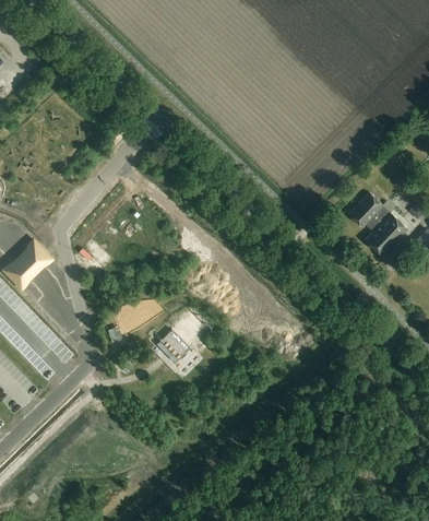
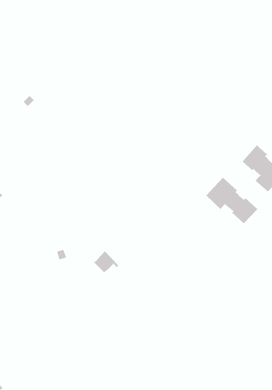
building: none -> [205,177,258,224]

